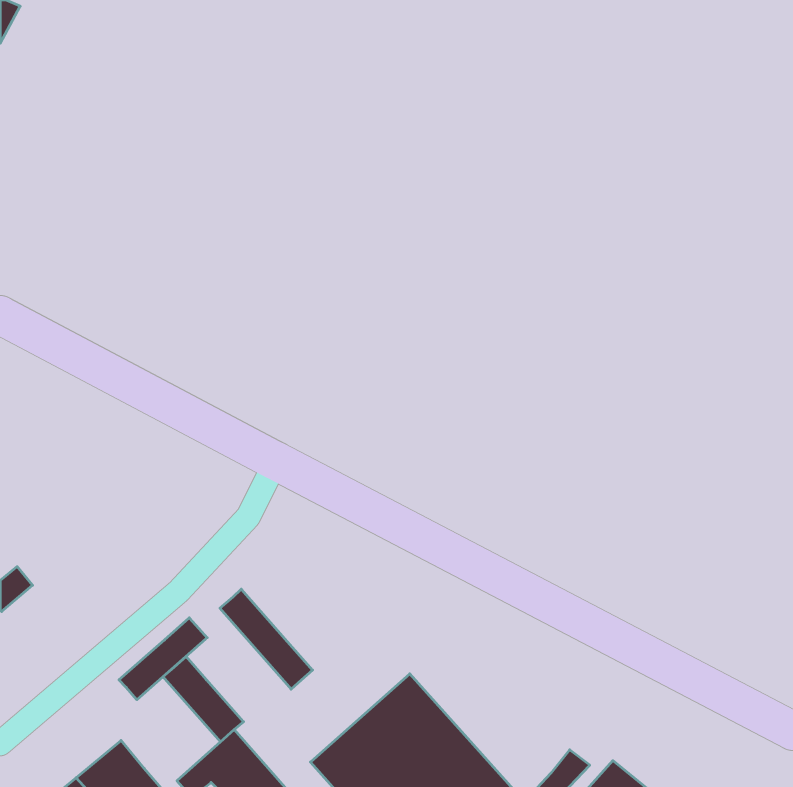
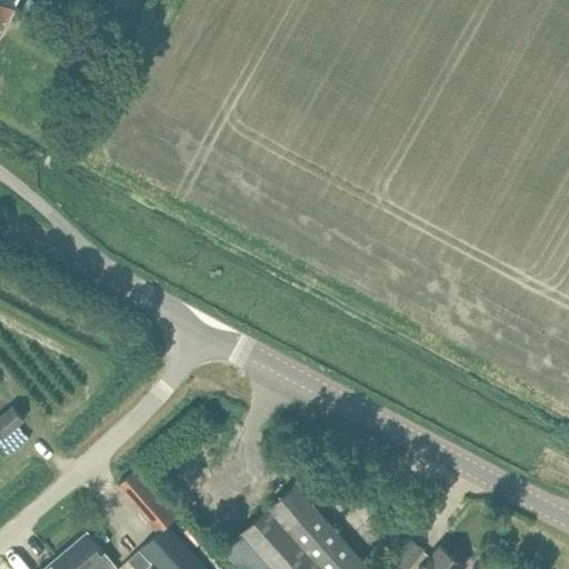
building: [220,589,313,689] -> none
building: [119,618,207,700] -> none

